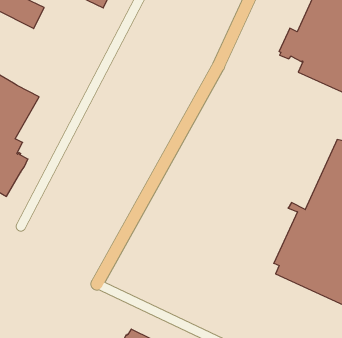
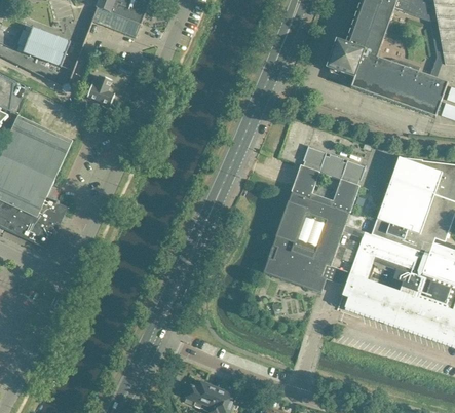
building: none -> [86,74,114,106]
building: none -> [263,145,366,293]

